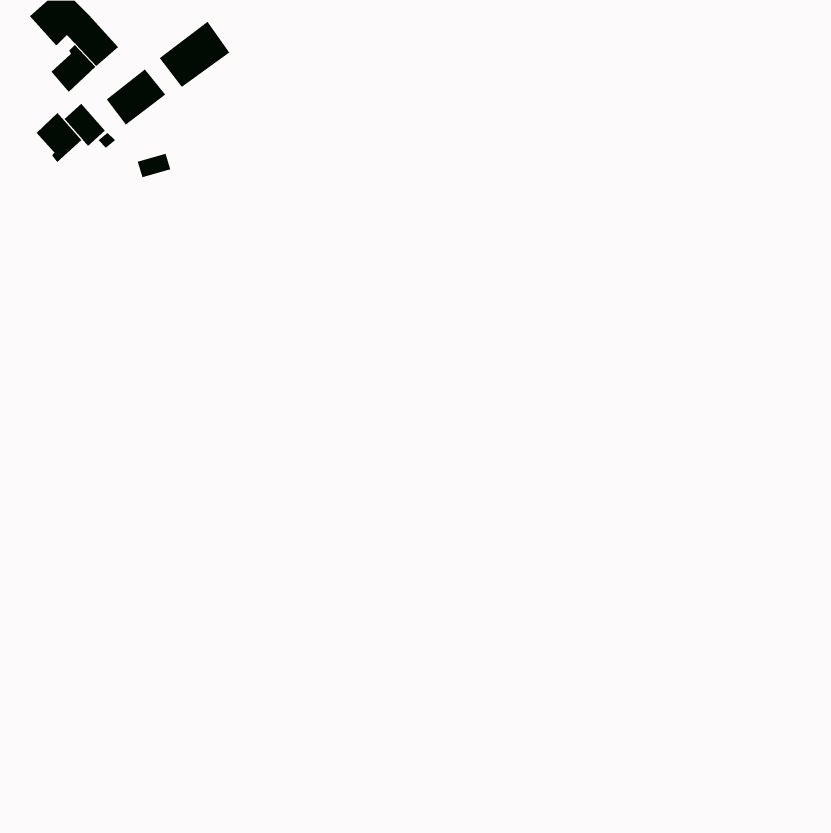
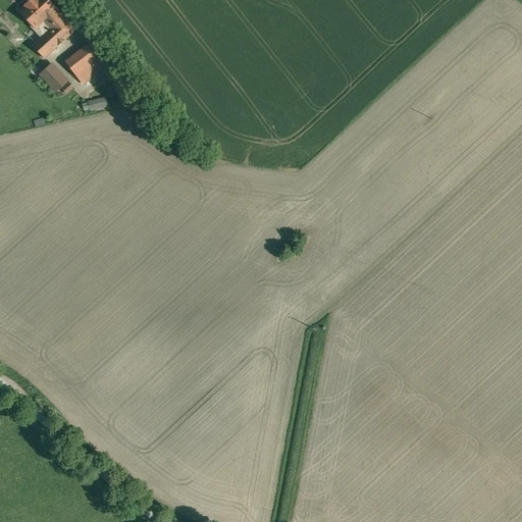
building: [159,21,230,88] -> none
building: [36,112,82,163] -> none

